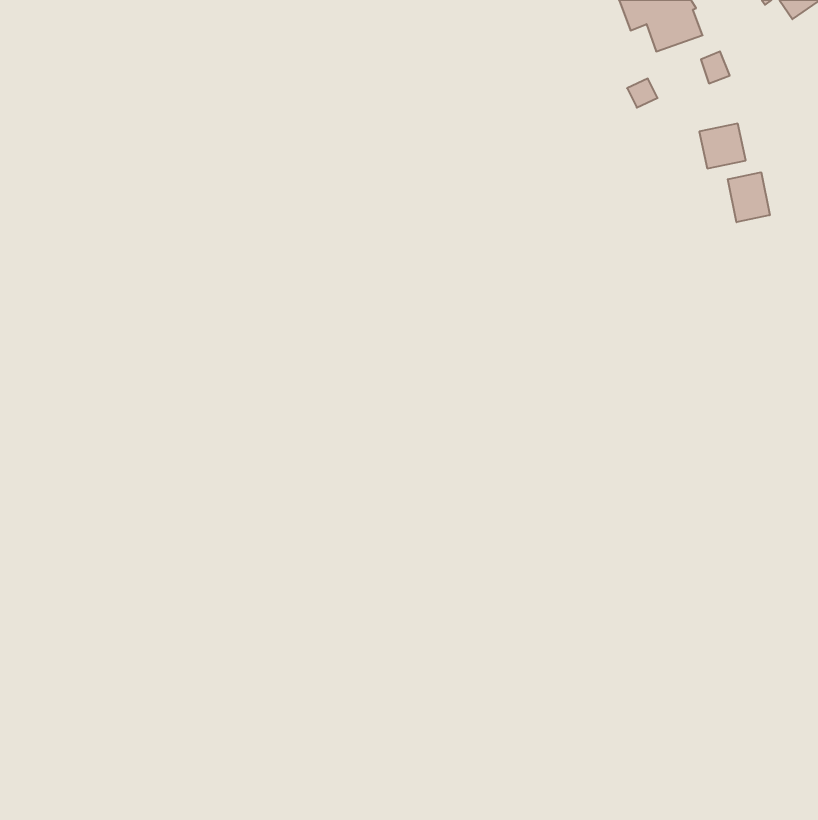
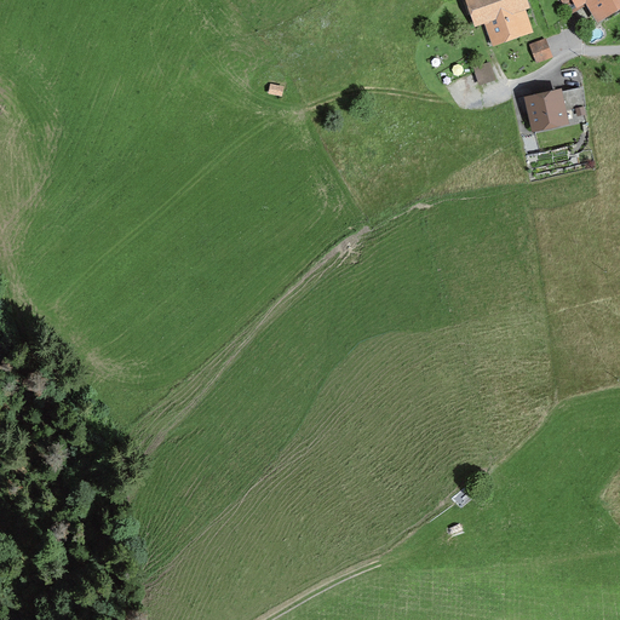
building: [728,172,770,222] -> none

